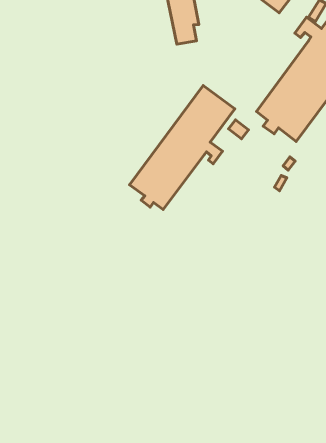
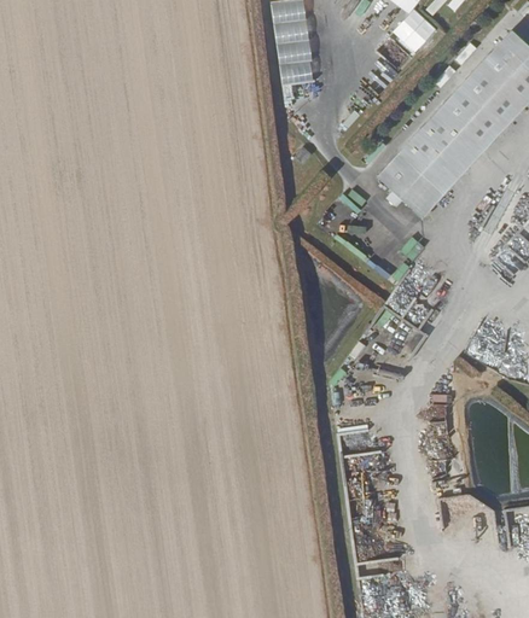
building: [130,85,235,209] -> none

